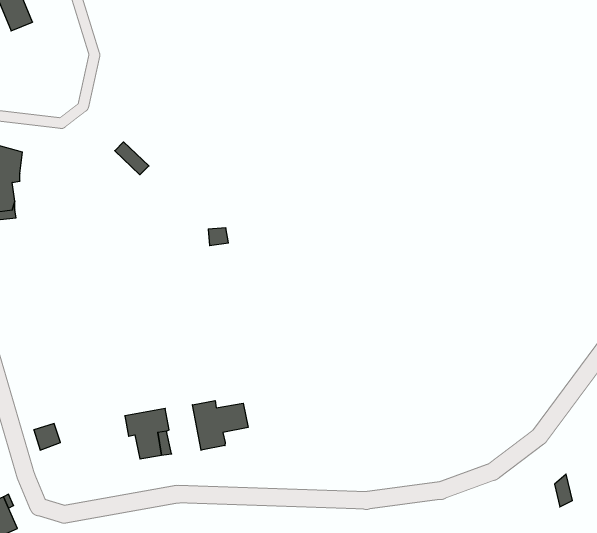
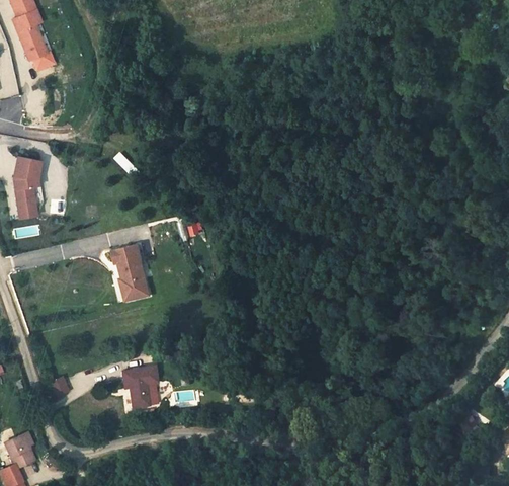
building: none -> [115,247,152,303]
building: [192,401,248,450] -> none

